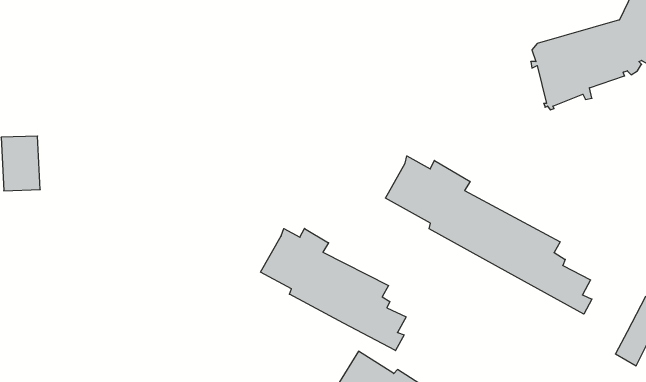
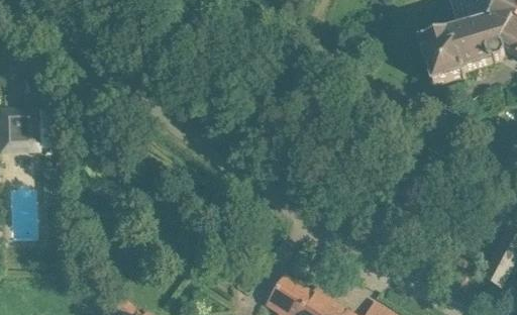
building: [385,156,592,314] -> none
building: [261,228,406,351] -> none

